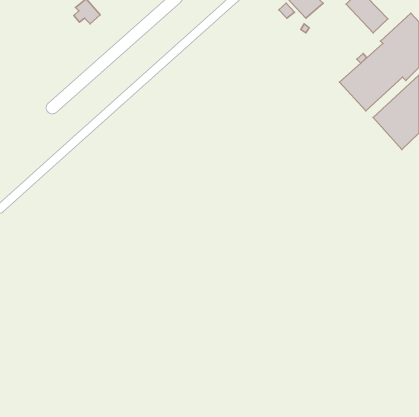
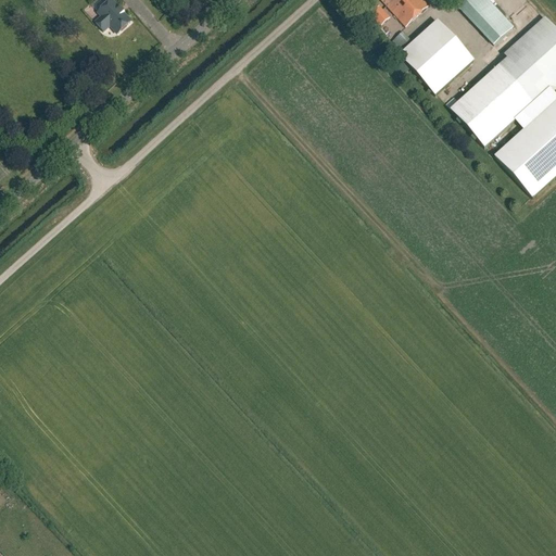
building: none -> [402,13,478,89]

